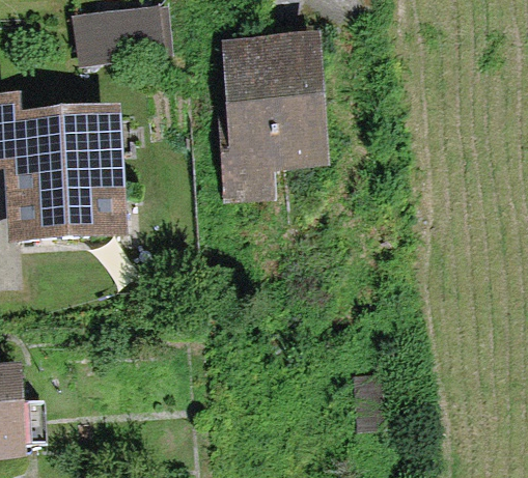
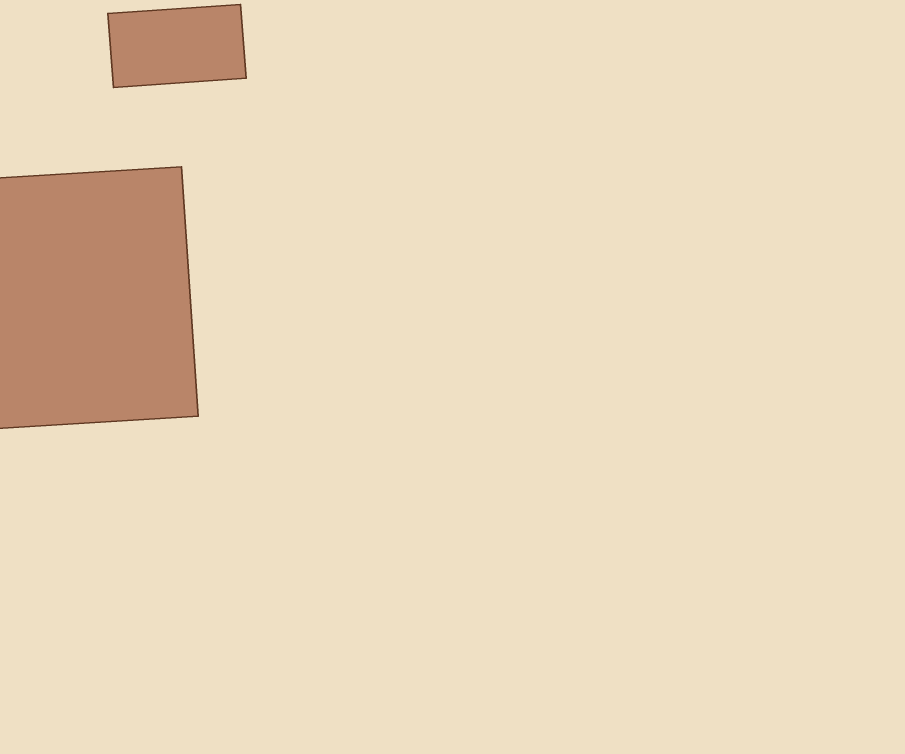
building: [219,38,324,180] -> none

